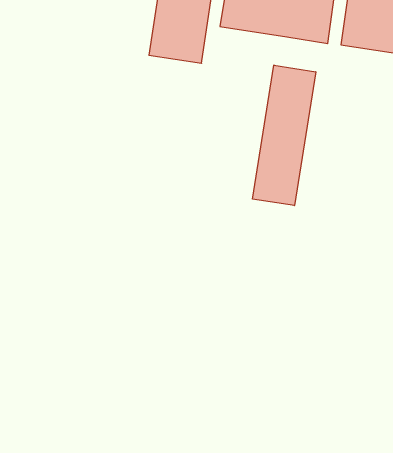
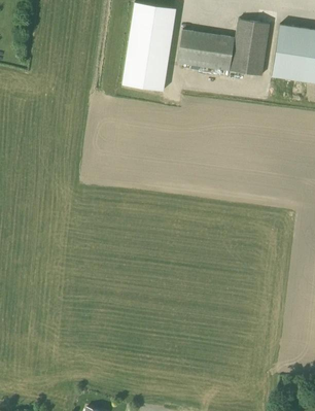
building: [253,65,316,206] -> none

